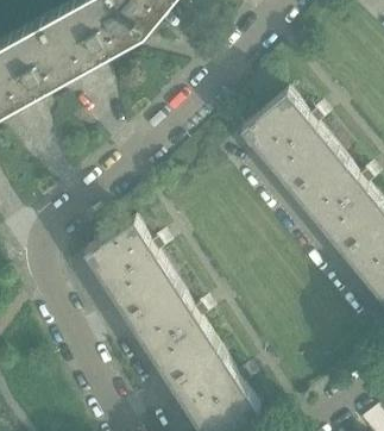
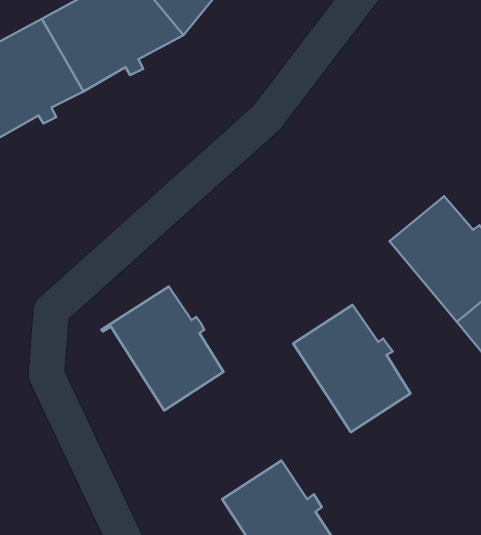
building: [239,96,335,192] -> none
building: [128,288,215,382] -> [293,305,410,432]

